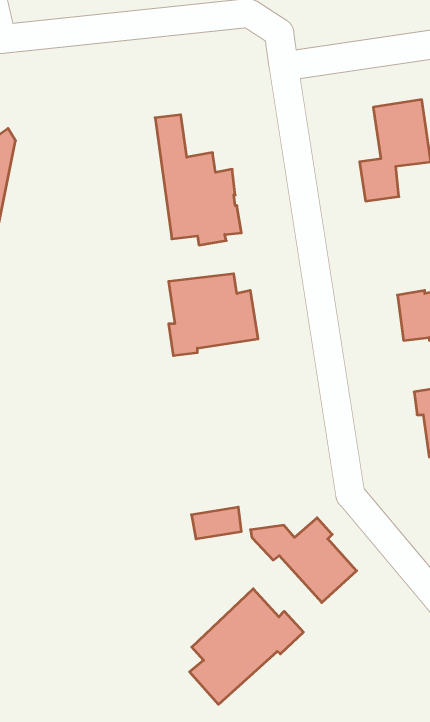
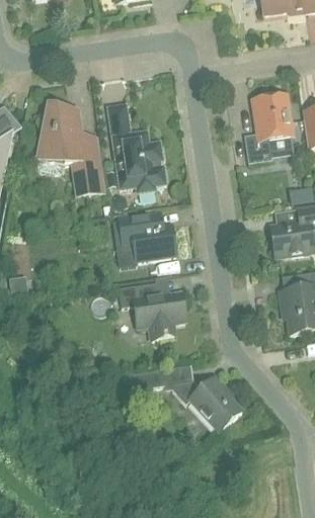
building: none -> [36,107,102,192]
building: none -> [119,280,185,337]
building: [190,589,303,704] -> none

